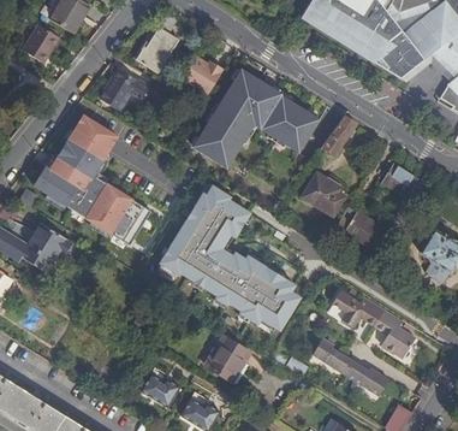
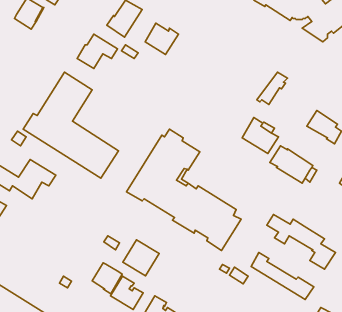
building: [194,69,320,167] -> none
building: [206,336,250,380] -> [123,240,159,276]
building: none -> [92,263,122,294]

